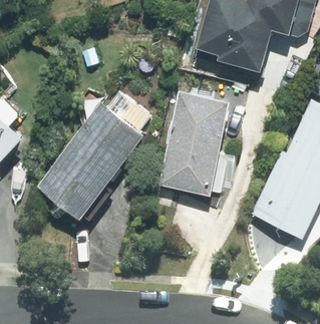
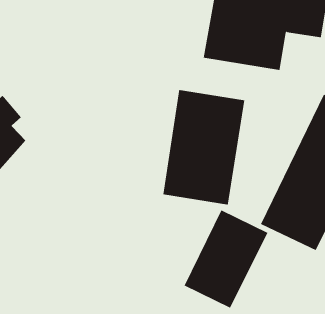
building: [39,95,149,222] -> none
building: none -> [184,209,268,308]

